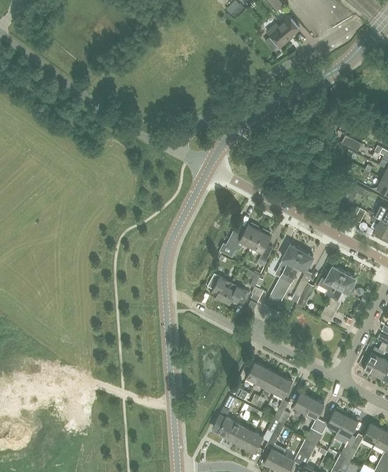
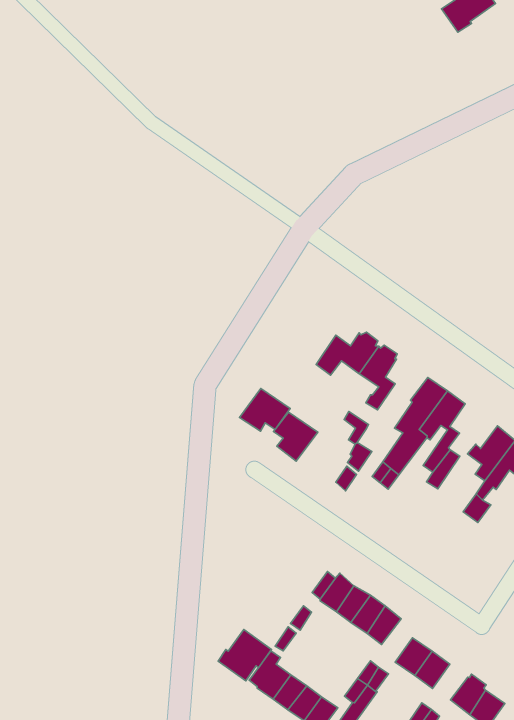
building: [222,283,250,307] -> [239,389,290,431]
building: none -> [218,630,271,681]

